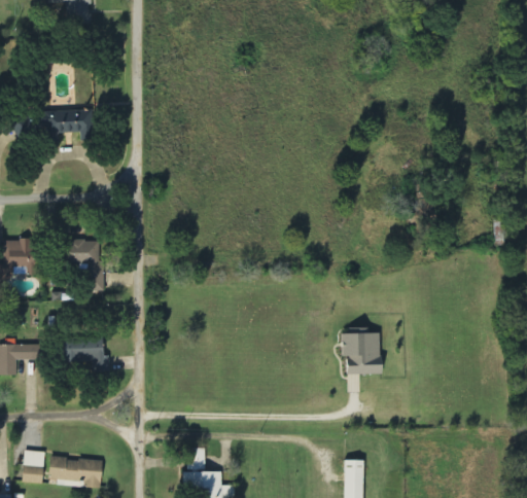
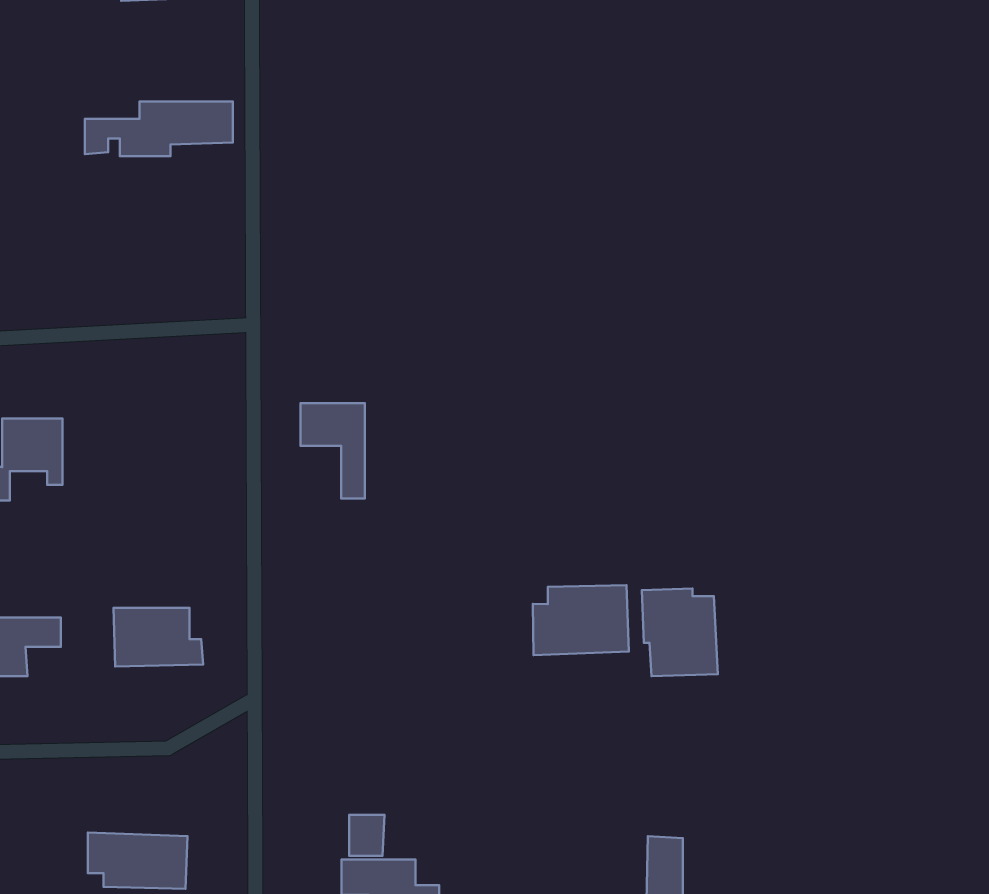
building: [13,109,92,138] -> [85,101,233,156]
building: [68,240,102,290] -> [300,403,365,499]
building: none -> [533,585,629,655]
building: [21,450,45,484] -> none

